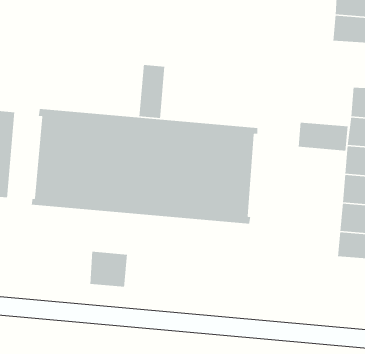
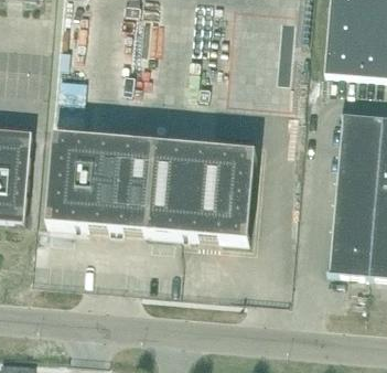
building: [139,64,165,119] -> none
building: [298,122,348,151] -> none
building: [89,251,128,288] -> none

